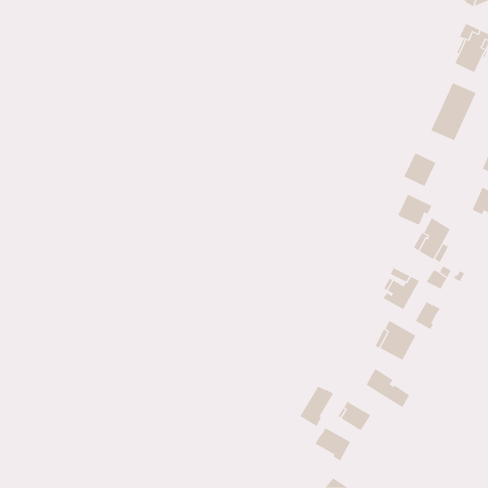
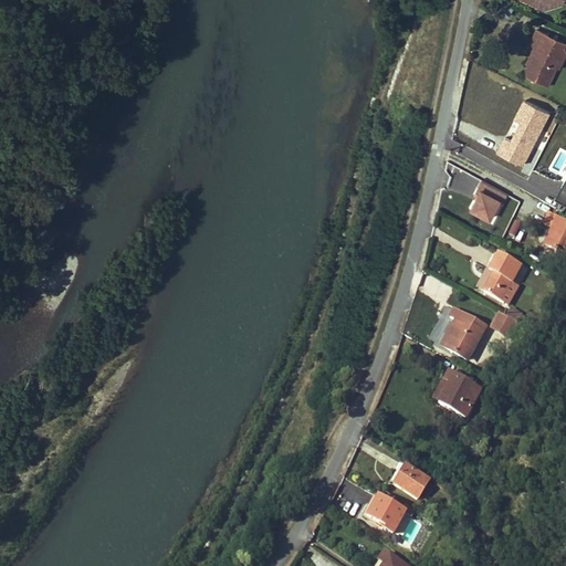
building: [398,194,432,225] -> none
building: [415,302,440,330] -> none
building: [366,368,410,408] -> none
building: [300,386,334,427] -> none

